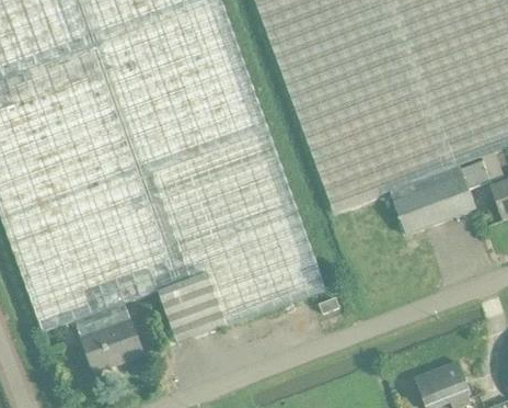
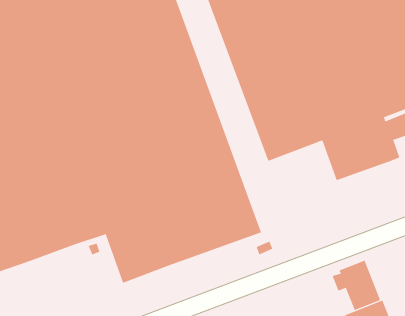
building: [74,302,145,373] -> none
building: none -> [332,260,381,311]

